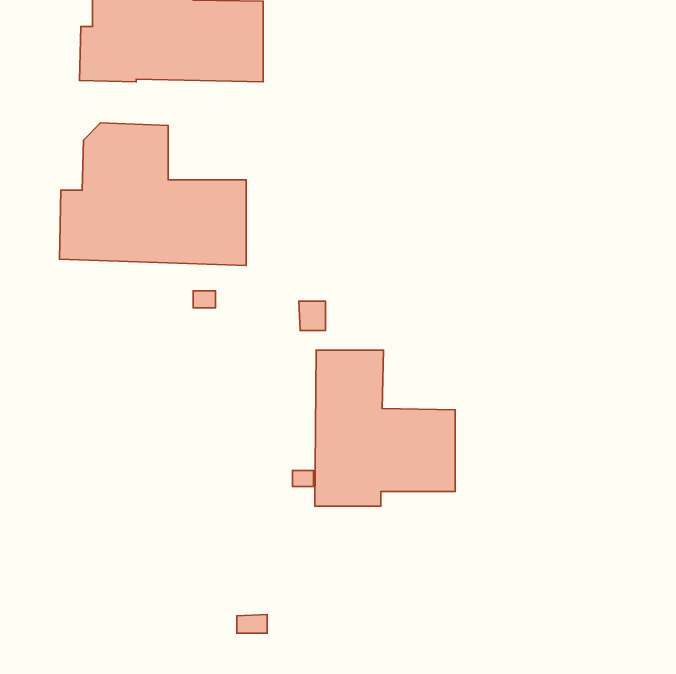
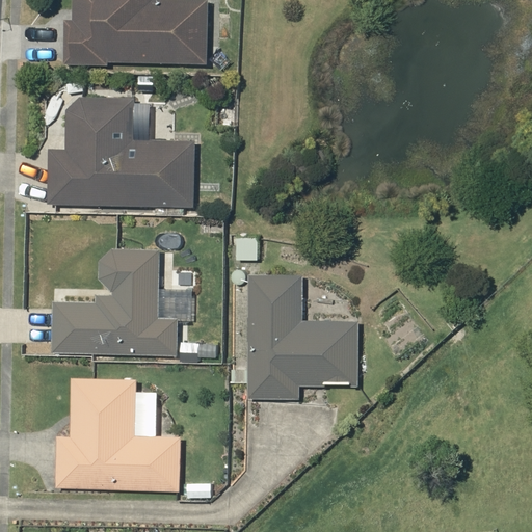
building: none -> [51,249,177,356]
building: none -> [57,379,179,493]

